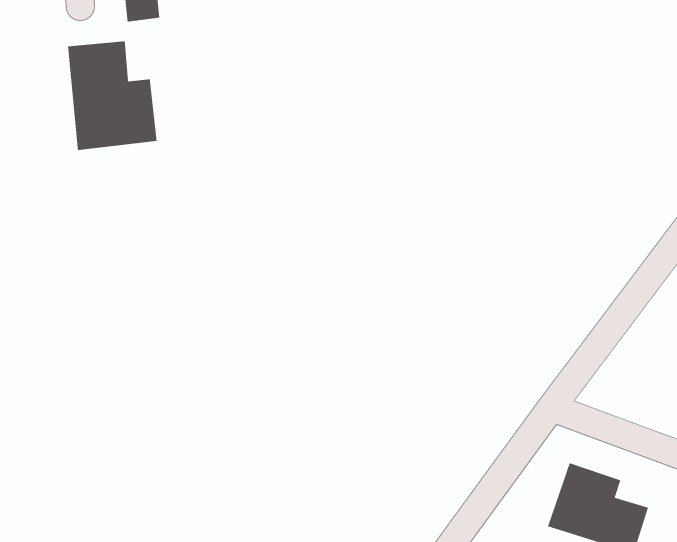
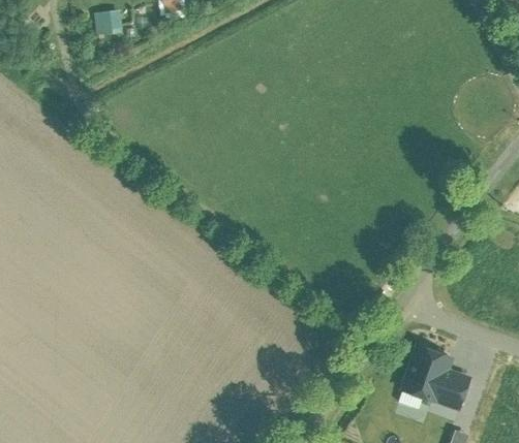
building: [67,41,157,151] -> none

